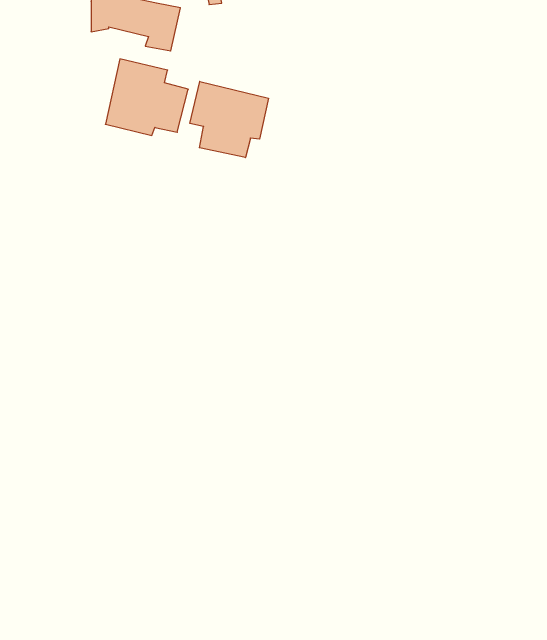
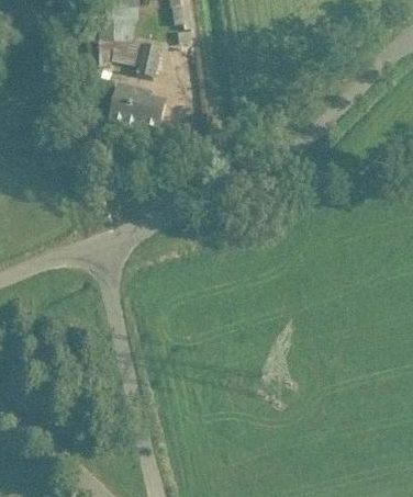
building: [190,81,268,158] -> none

